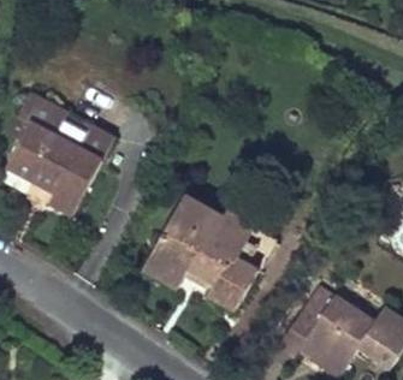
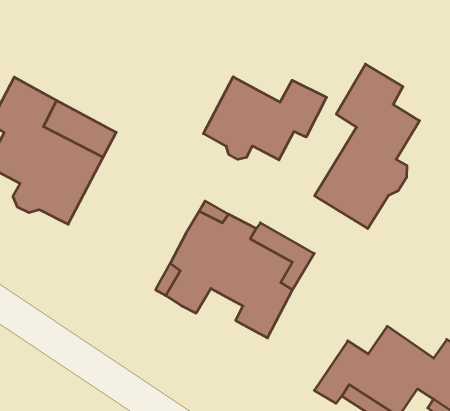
building: none -> [315,64,420,229]
building: none -> [203,77,327,160]

